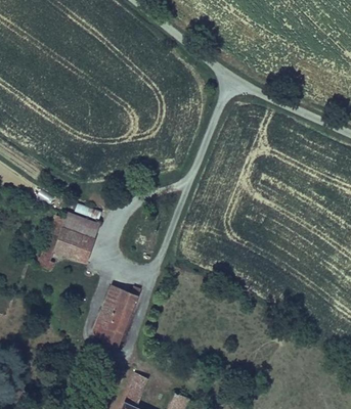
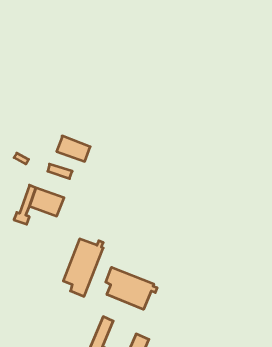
building: [61,212,99,240] -> [57,136,90,161]
building: none -> [106,267,157,309]

